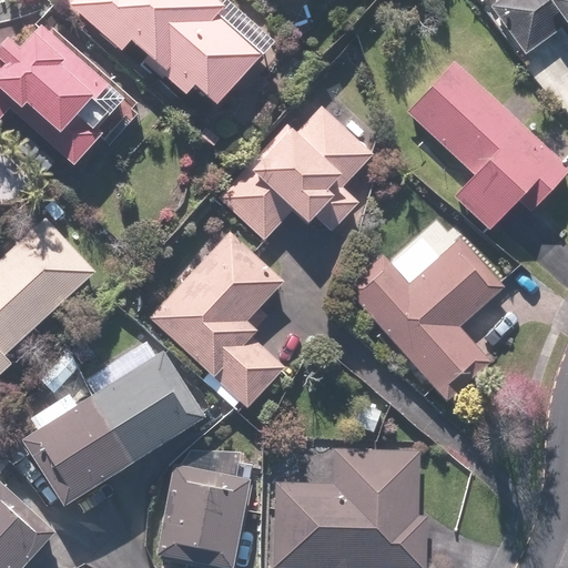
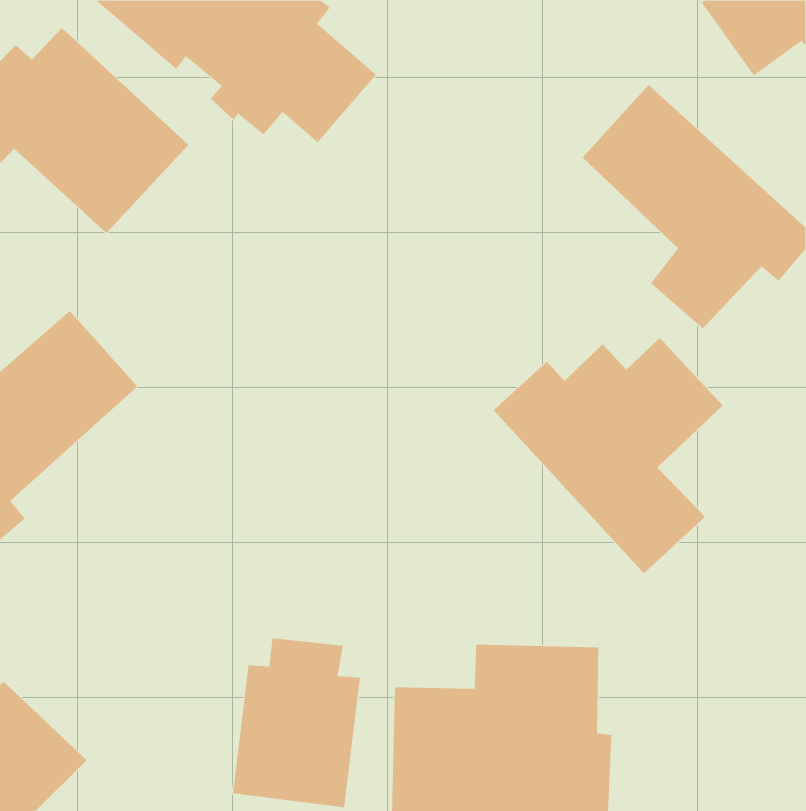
building: [219,105,373,240] -> none
building: [149,231,288,412] -> none
building: [24,336,211,506] -> none

